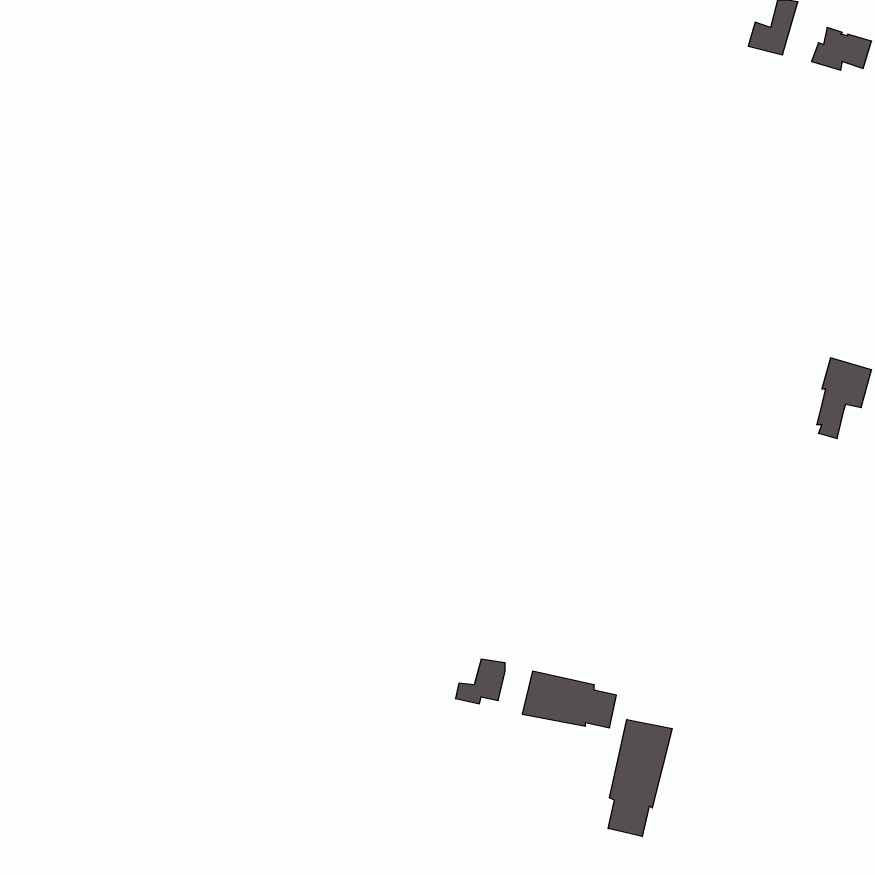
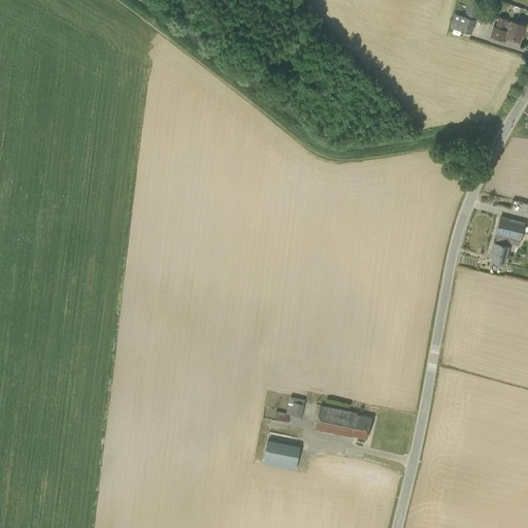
building: [608,719,672,837] -> none
building: none -> [263,440,300,470]

